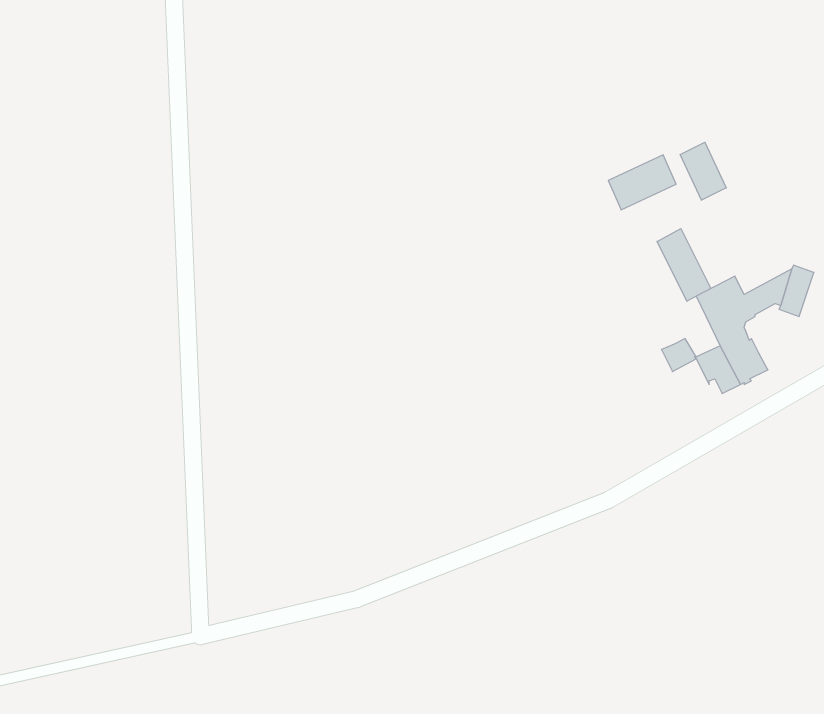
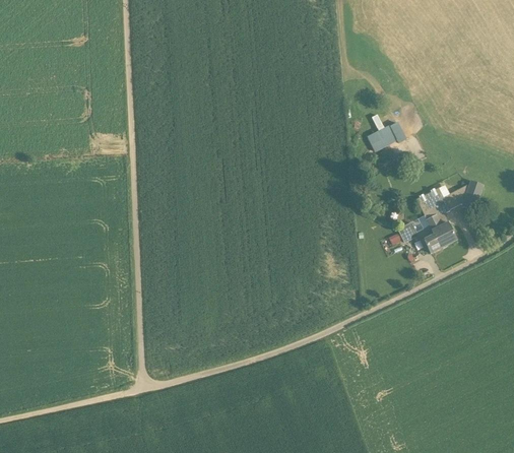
building: [680,142,726,200] -> none
building: [657,229,711,301] -> none

